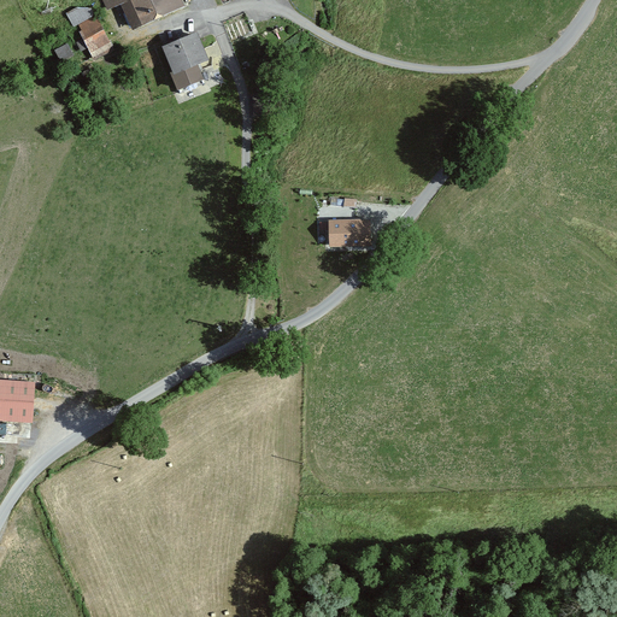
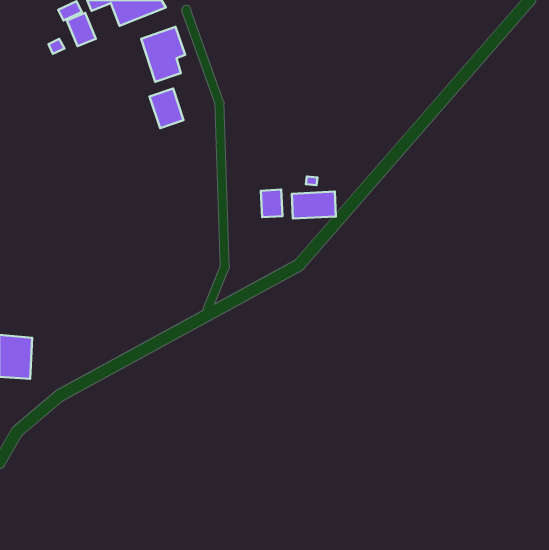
building: none -> [150,88,184,128]
building: none -> [261,190,283,217]

